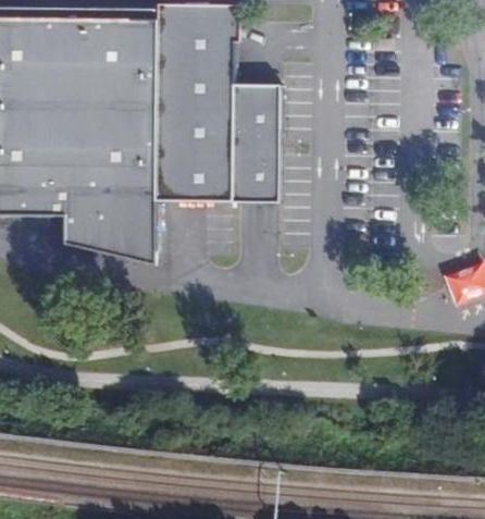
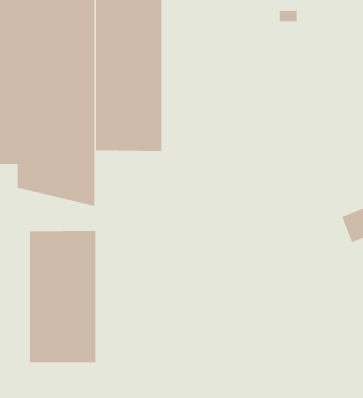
building: [232,78,278,196] -> none
building: none -> [30,230,96,363]

